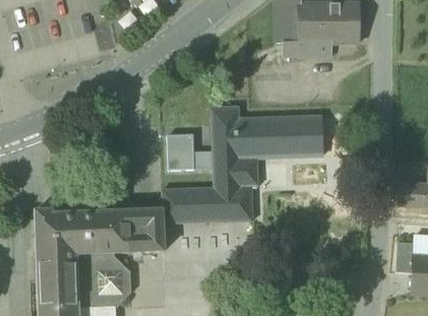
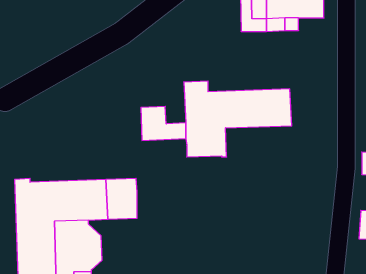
building: [163,186,253,224] -> none

